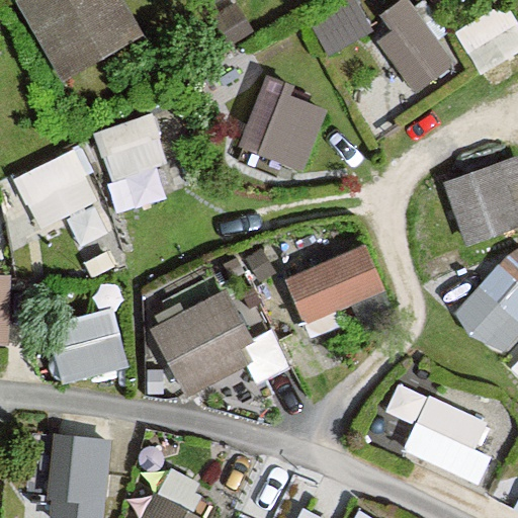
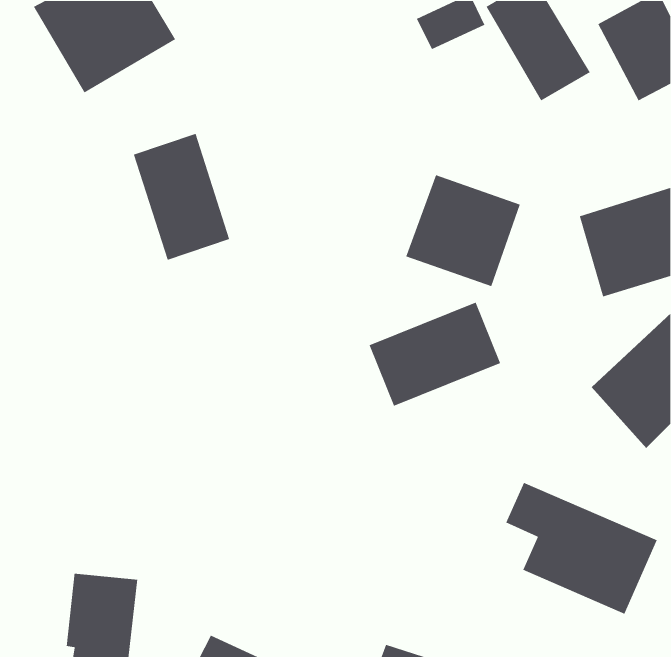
building: [236,85,325,172] -> [405,174,521,287]
building: [18,152,100,228] -> none
building: [148,281,267,396] -> none
building: [47,308,128,382] -> none

